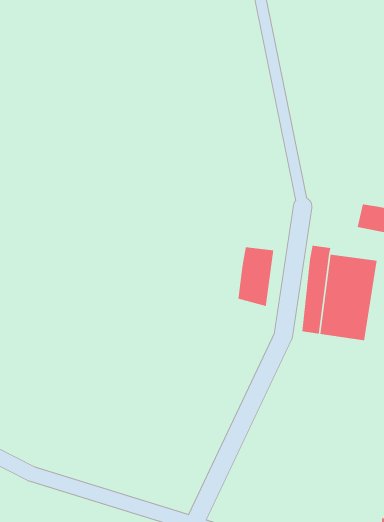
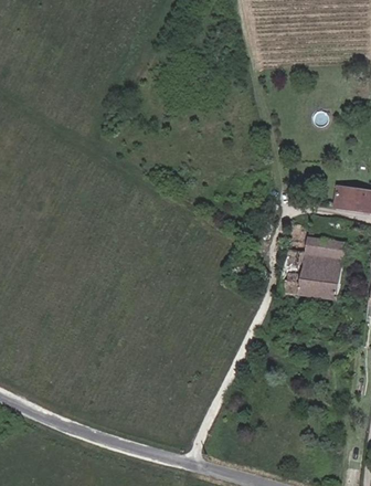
building: [238,247,274,307] -> none

